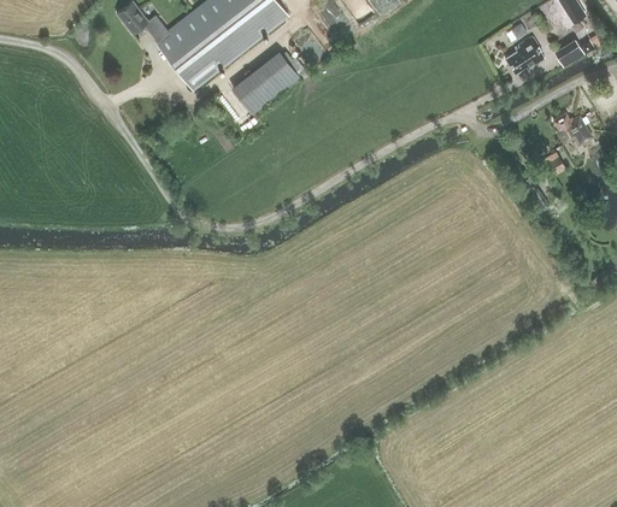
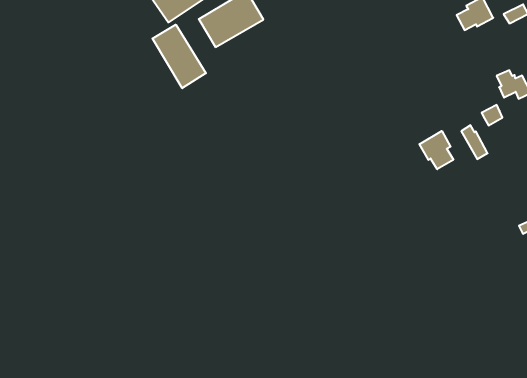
building: none -> [152,25,206,88]
building: none -> [419,131,453,169]

